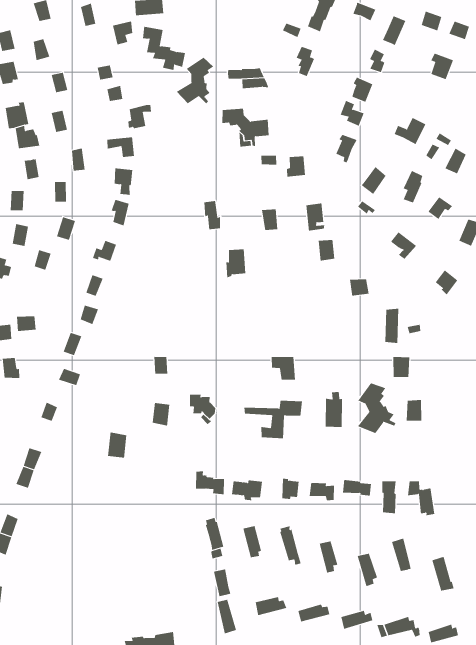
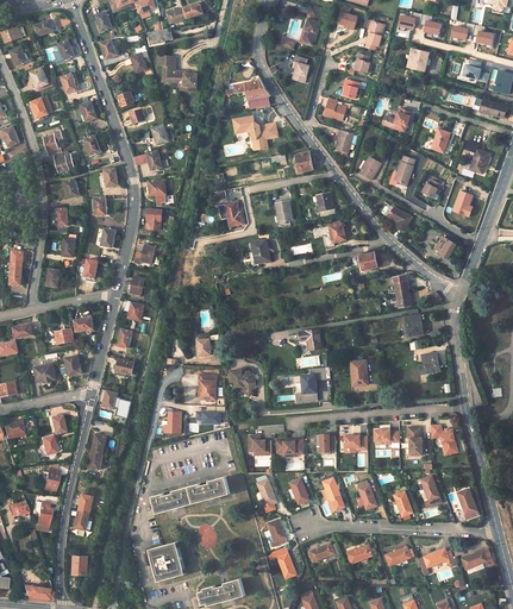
building: [176,57,214,104] -> none
building: [357,382,396,434] -> none
building: none -> [151,478,227,514]
building: none -> [150,541,186,582]

